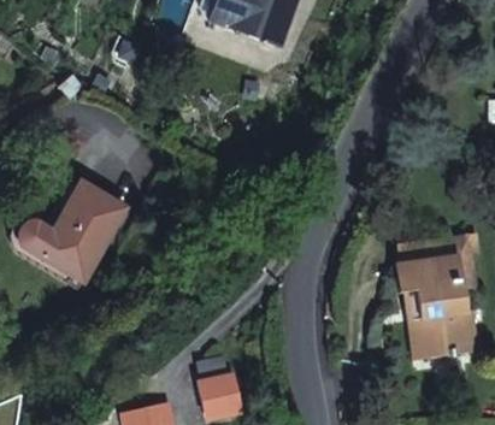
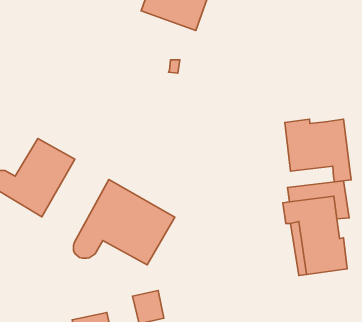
building: none -> [285,119,351,182]
building: none -> [73,179,175,265]

